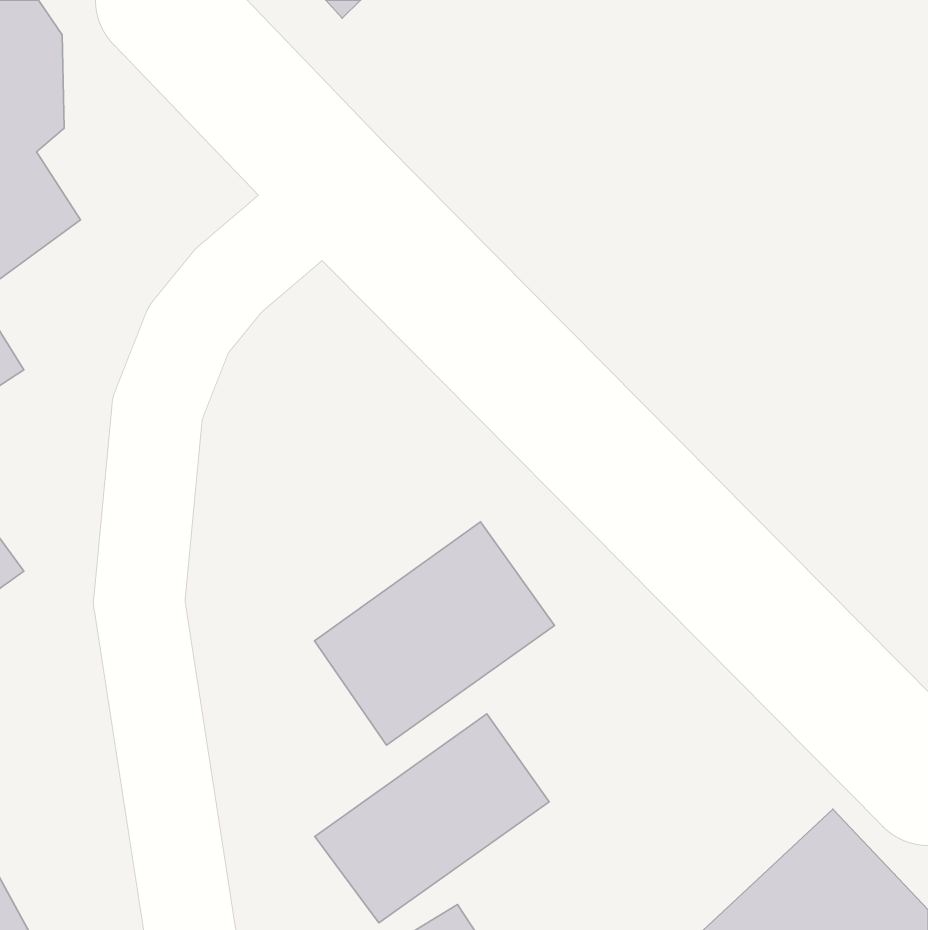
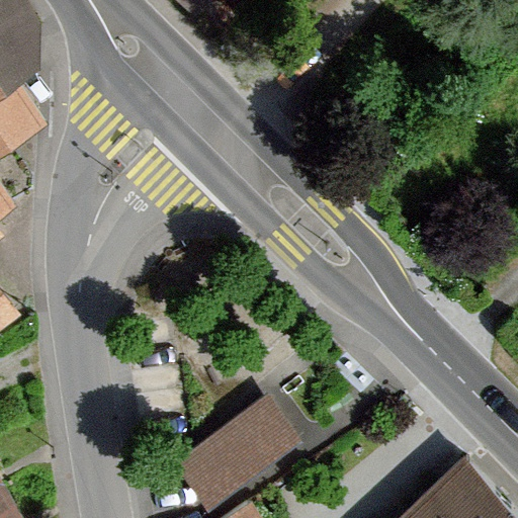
building: [315,522,555,745] -> none

